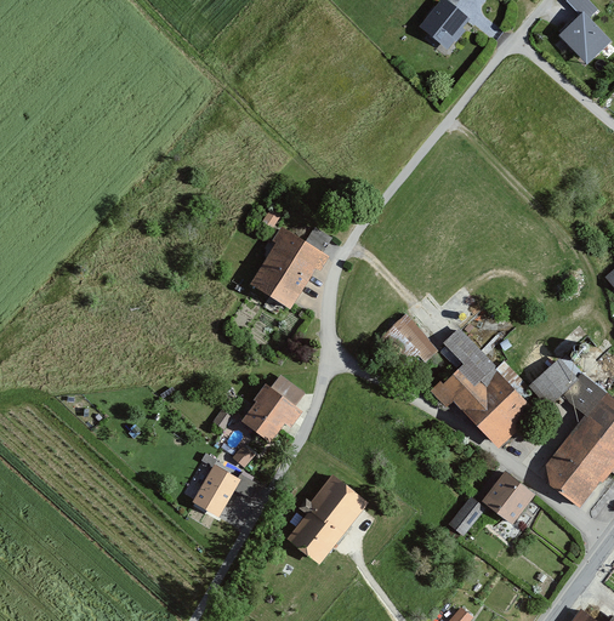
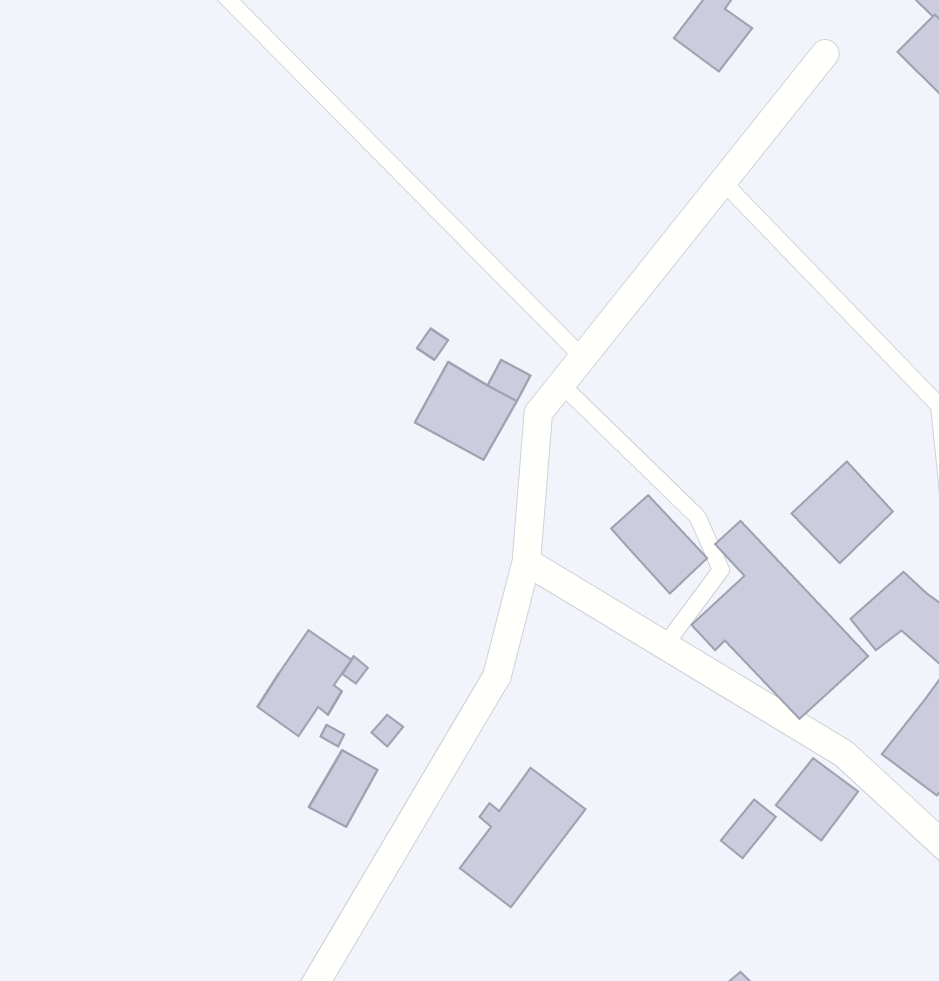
building: [249,264,302,308] -> none
building: none -> [792,461,893,563]
building: [244,375,302,440] -> [257,630,352,736]

